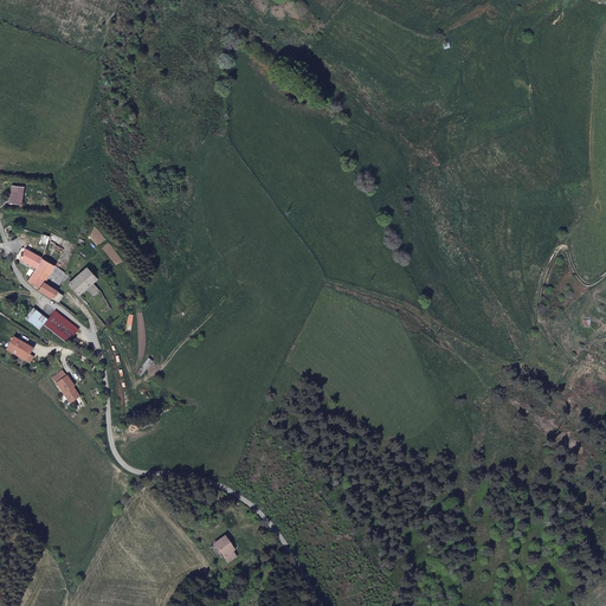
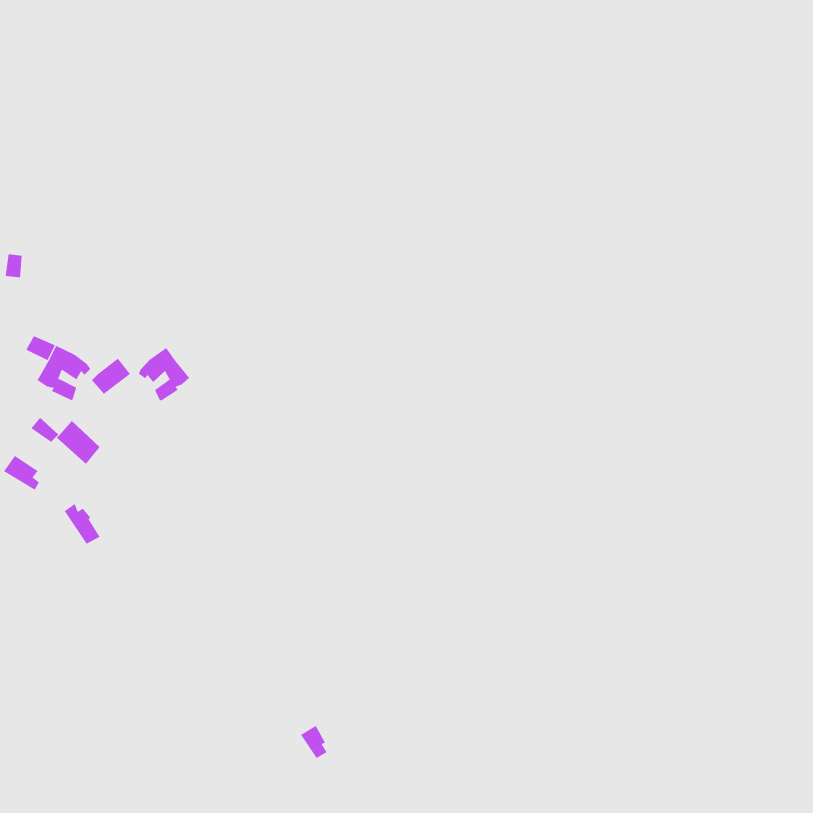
building: none -> [138,347,190,402]

